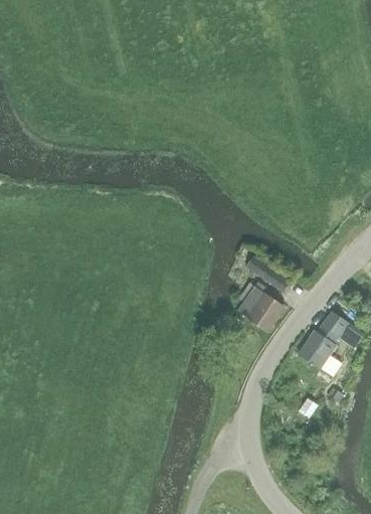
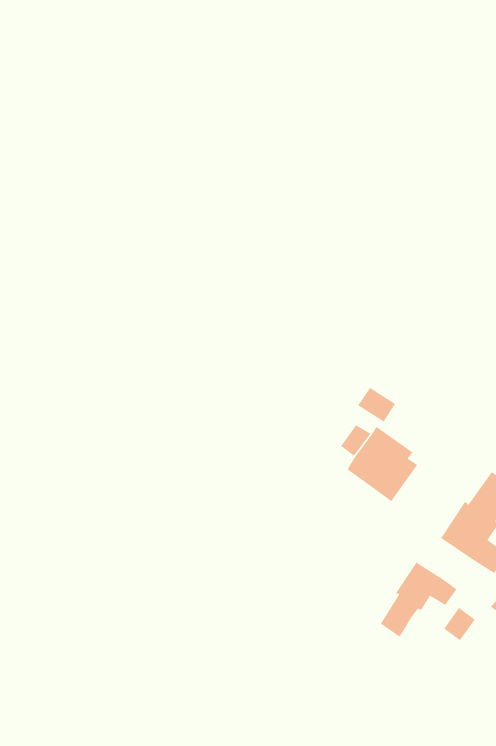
building: none -> [380,561,458,638]

